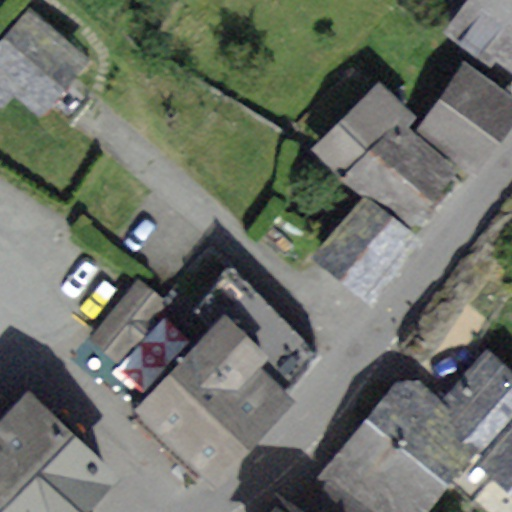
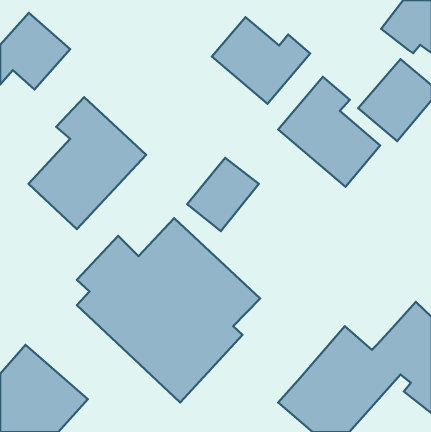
building: none -> [212,17,310,104]
building: none -> [29,97,146,229]
building: [323,202,408,289] -> [187,158,259,231]

